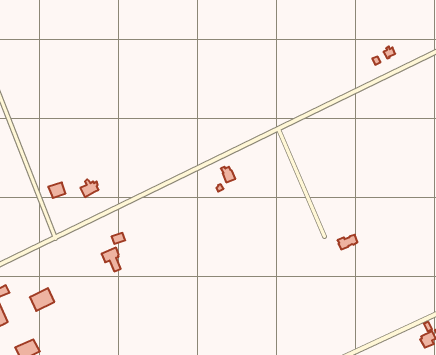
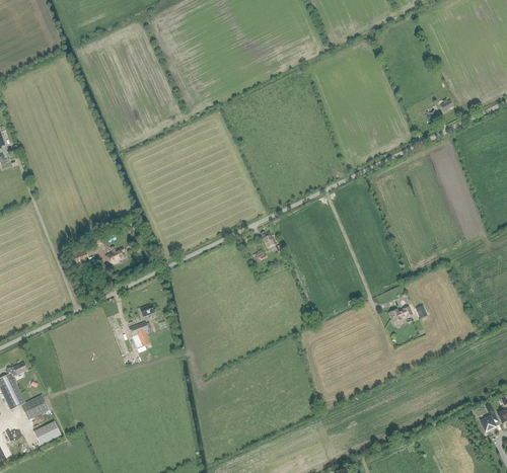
building: [30,288,54,311] -> [21,394,49,419]

